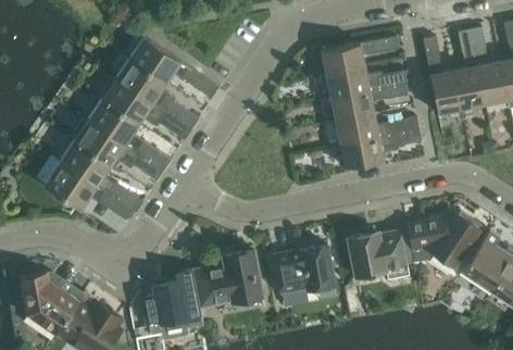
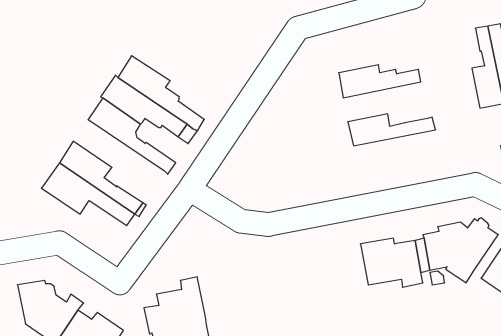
building: [129,36,216,97] -> none
building: [323,36,399,74] -> none
building: [423,36,462,112] -> none
building: [331,83,408,121] -> none
building: [73,118,164,182] -> none
building: [341,128,422,167] -> none
building: [273,243,338,300] -> none
building: [192,249,263,307] -> none

